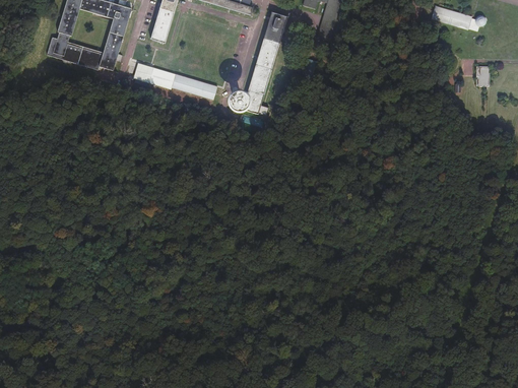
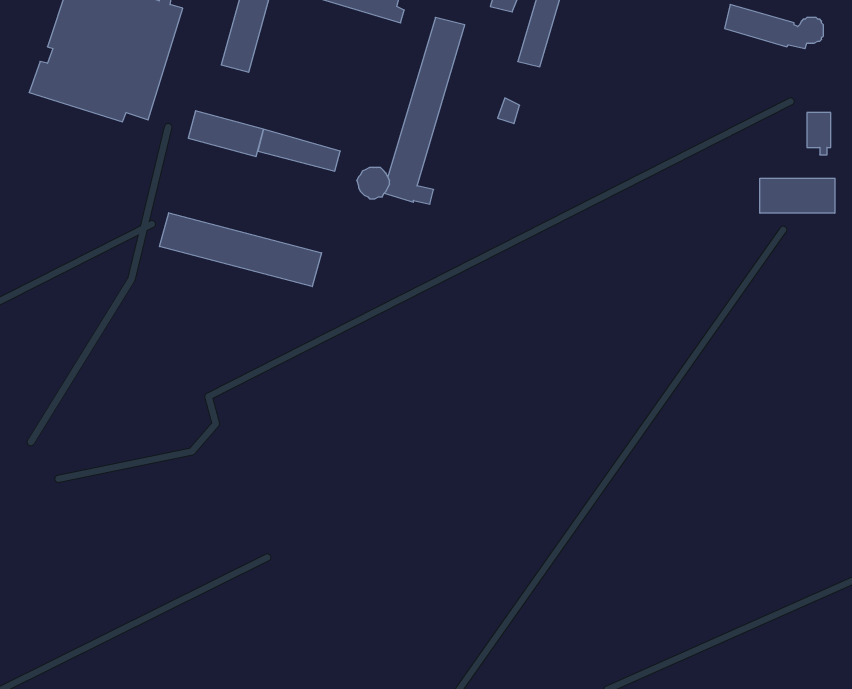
building: none -> [760,178,835,213]
building: none -> [160,213,322,287]

